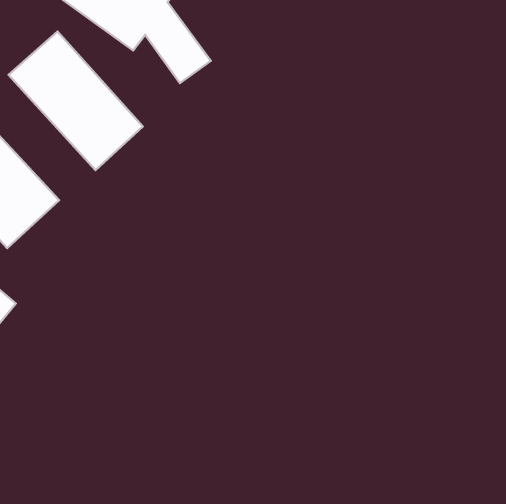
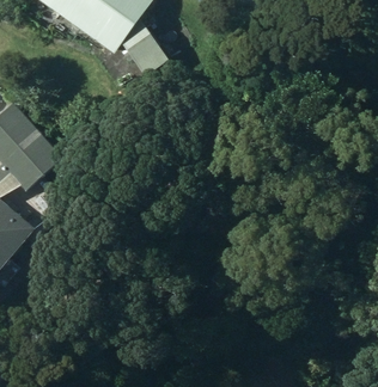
building: [8,32,143,170] -> none

